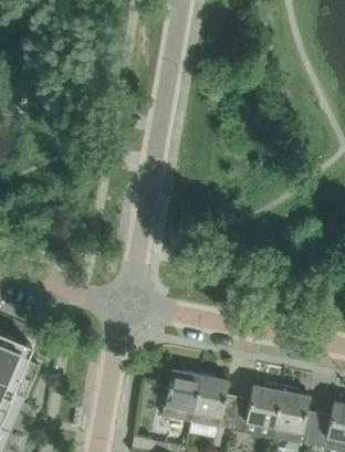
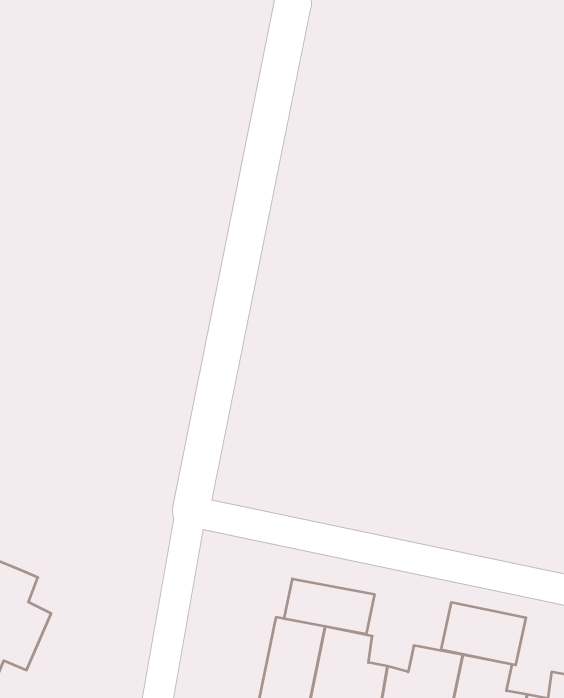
building: none -> [284,579,374,634]
building: none -> [441,602,526,665]

